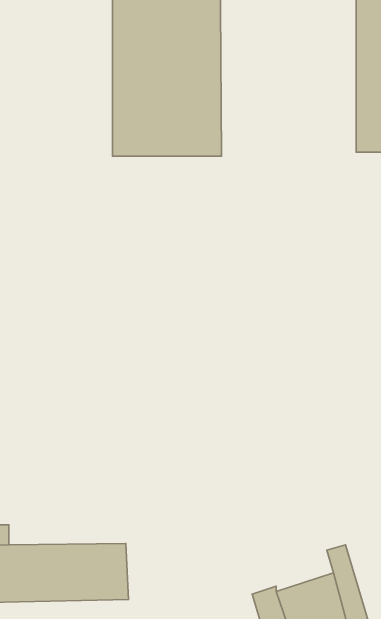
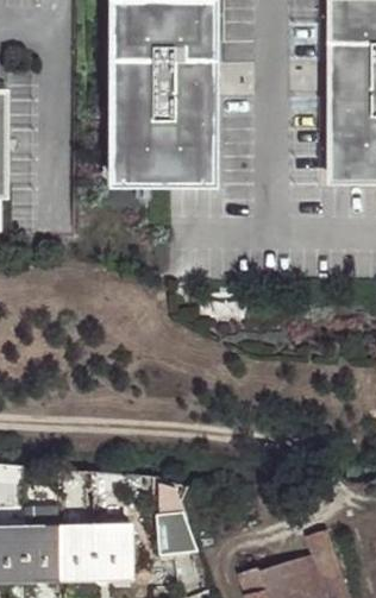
building: none -> [153,514,194,556]

